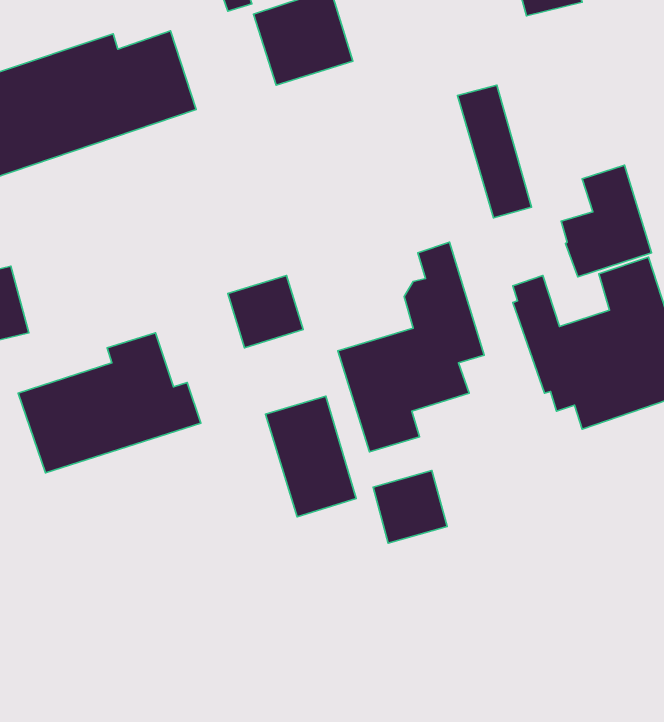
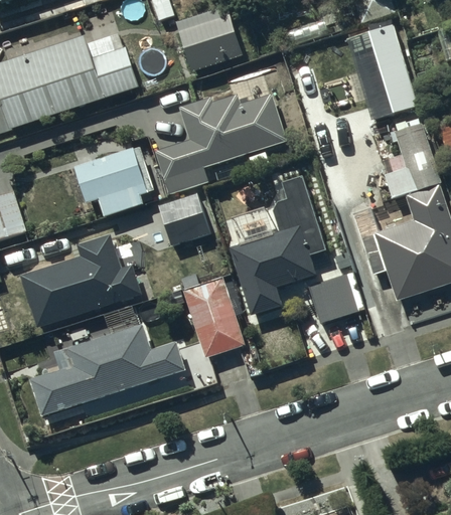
building: [457,85,531,218] -> [367,24,417,113]
building: none -> [155,94,284,192]
building: none -> [76,147,152,217]
building: none -> [28,325,183,415]
building: [373,471,447,543] -> [312,273,361,321]

